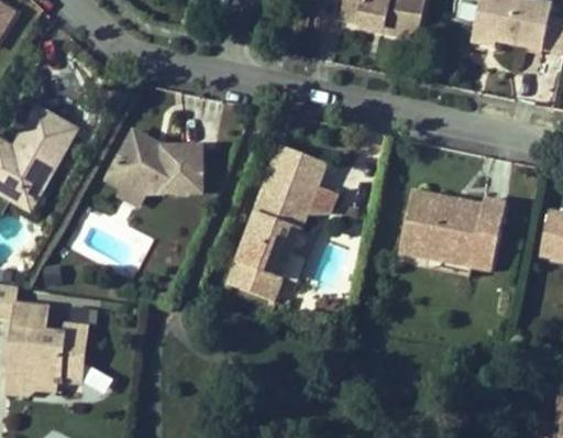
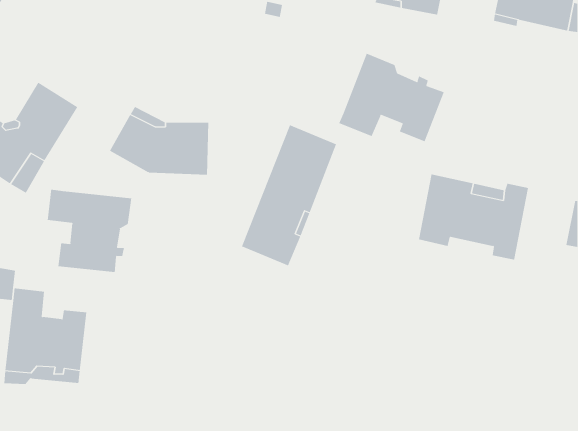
building: none -> [339,53,444,142]
building: none -> [47,189,132,273]
building: [225,261,278,302] -> none

